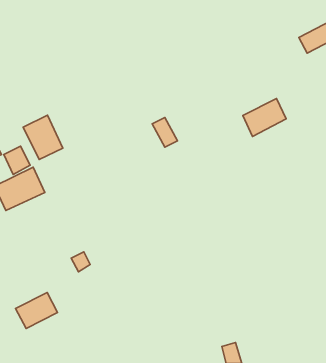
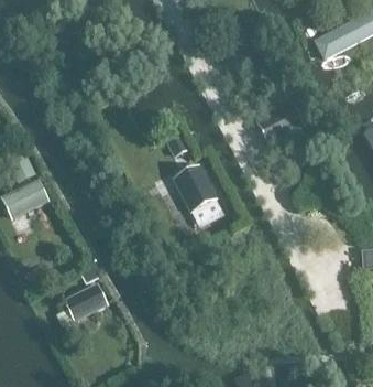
building: [23,115,63,160] -> none
building: none -> [179,174,215,214]
building: [15,293,58,328] -> [64,284,108,322]

